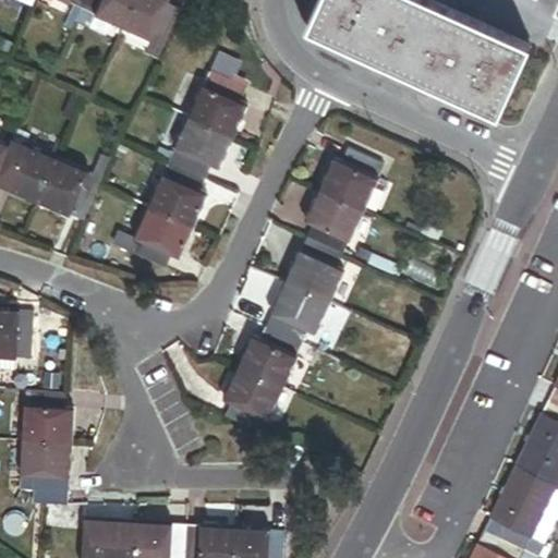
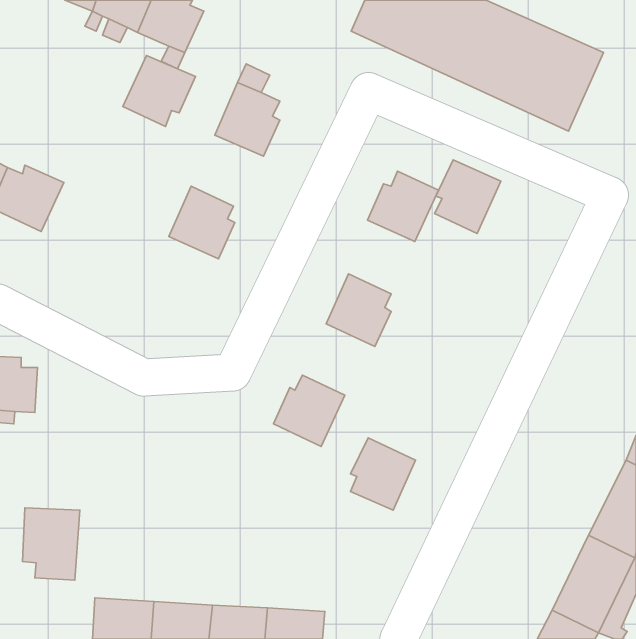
building: [167,118,230,180] -> [123,55,195,127]
building: [36,159,97,221] -> none
building: [304,192,362,256] -> [435,160,501,234]
building: [126,206,191,268] -> none
building: [264,282,327,344] -> none
building: [223,369,280,433] -> [351,438,416,510]
building: [22,392,71,445] -> none

